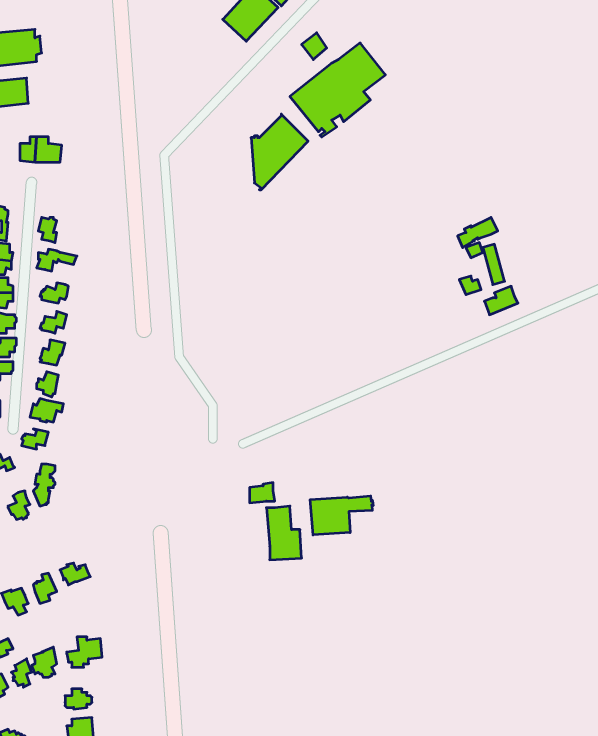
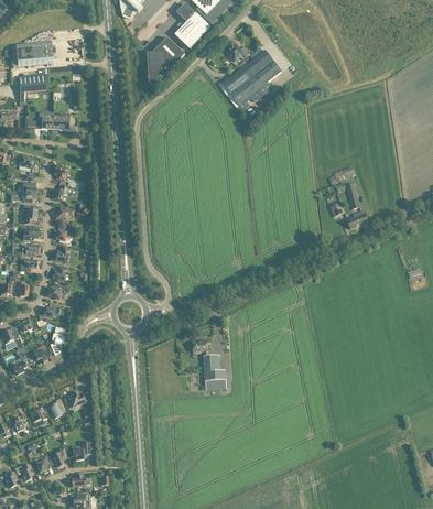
building: [251,114,308,190] -> [147,36,184,86]
building: [310,496,373,535] -> none

